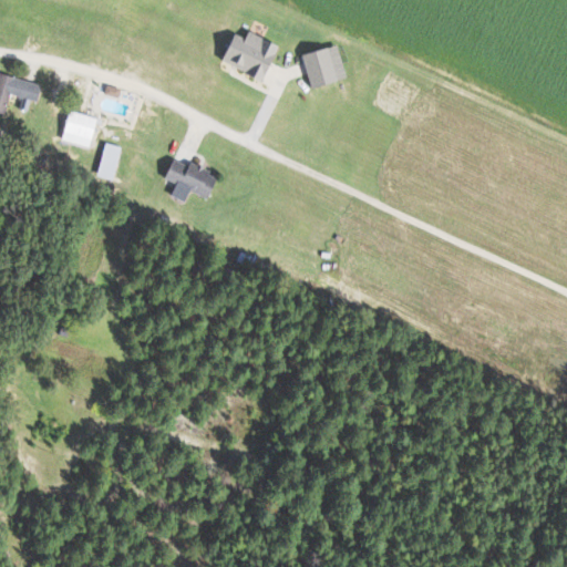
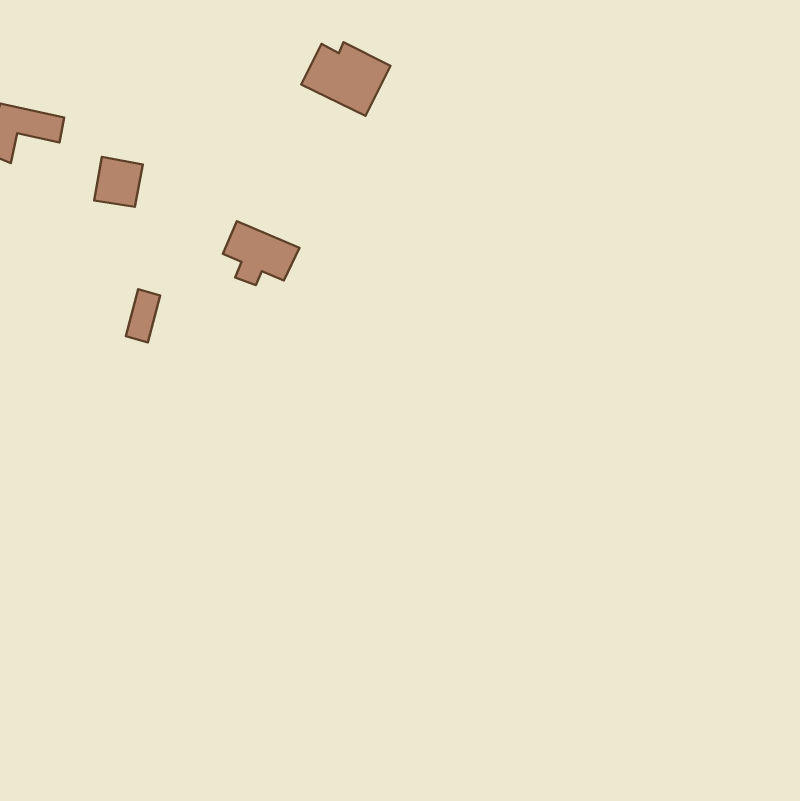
building: [296,43,342,87] -> none
building: [100,142,124,179] -> [126,289,160,342]

